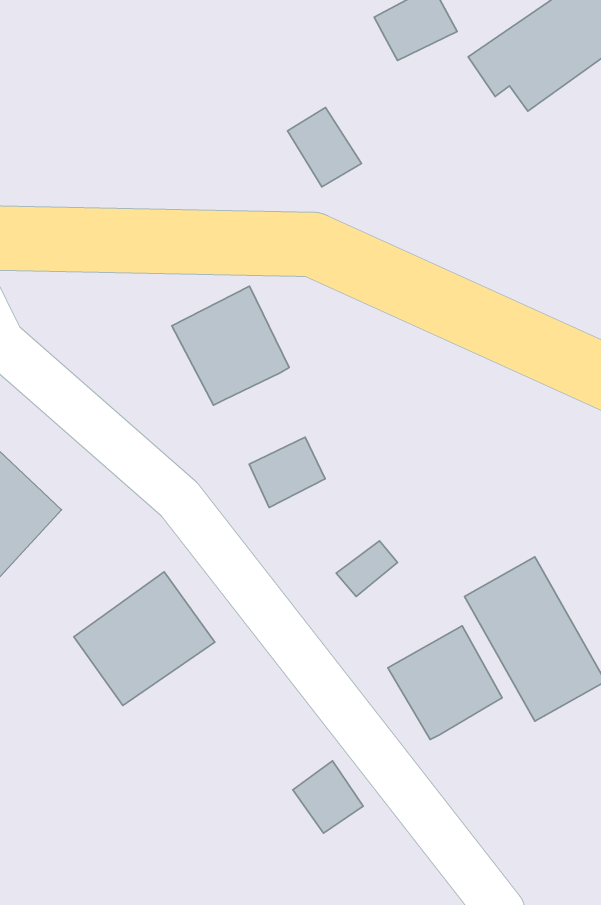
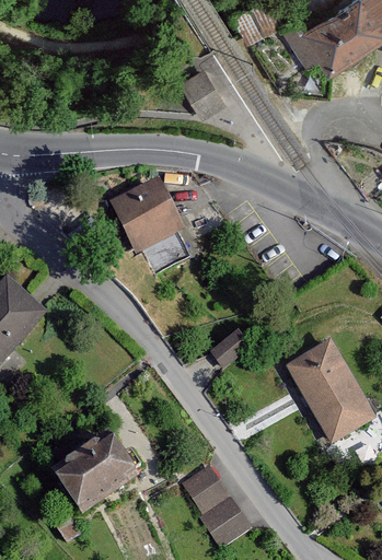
building: [249,437,325,508] -> [142,230,188,272]
building: [74,572,215,705] -> [54,432,139,513]
building: [388,626,502,739] -> none
building: none -> [200,497,247,542]

